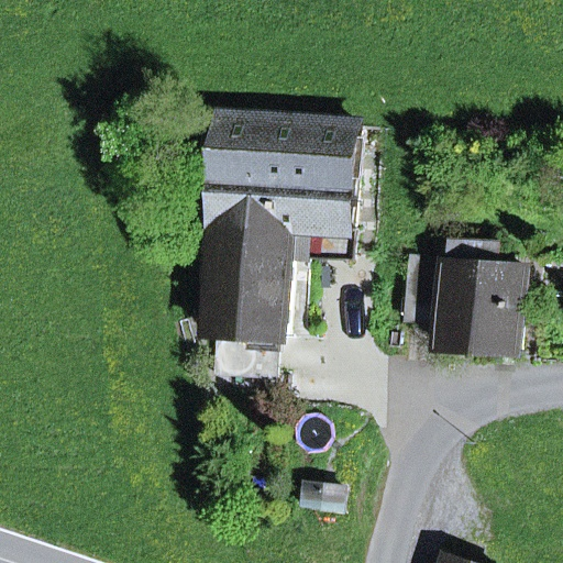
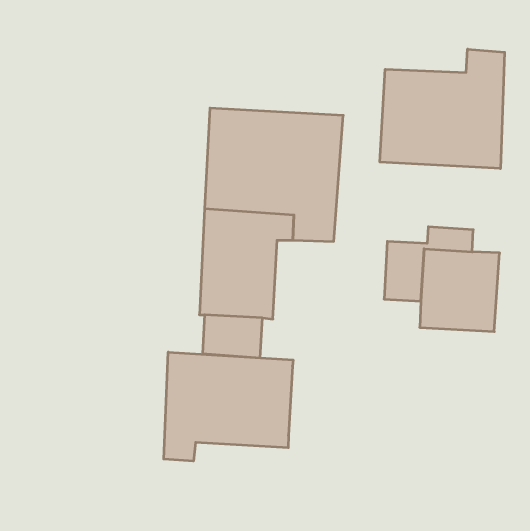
building: none -> [380,49,505,169]
building: none -> [164,352,293,461]

